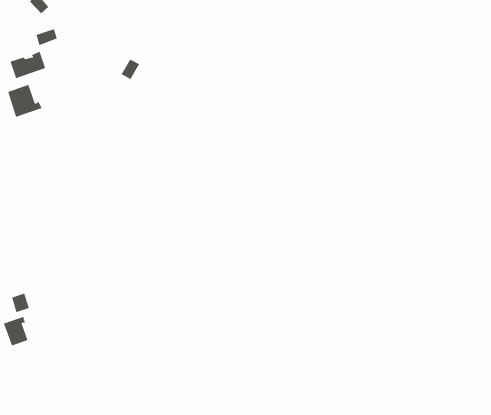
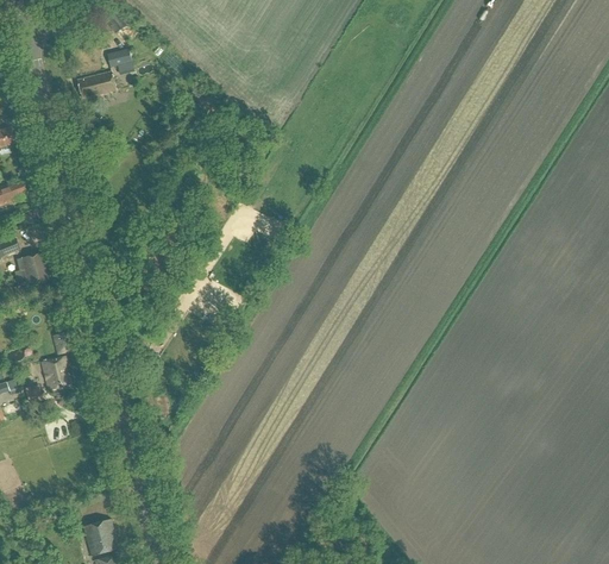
building: [7,84,43,118] -> none

